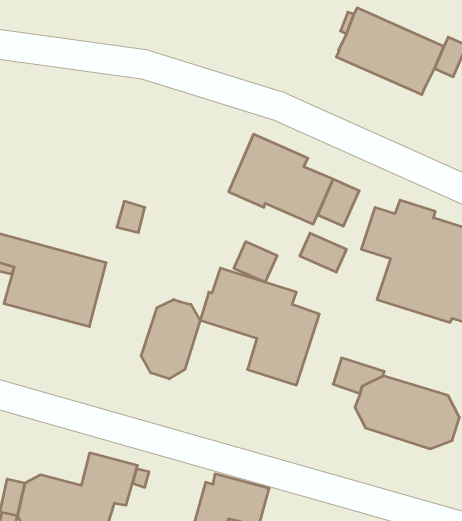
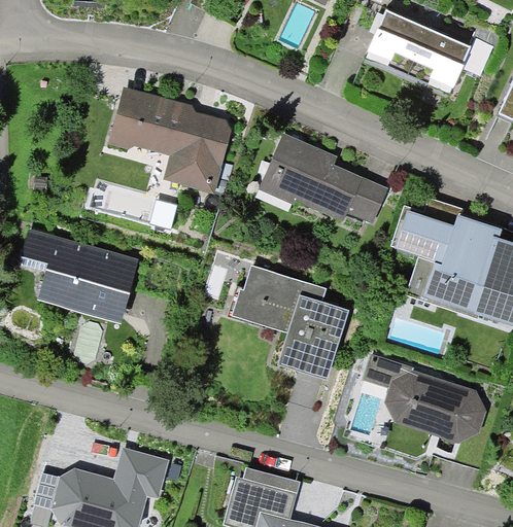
building: none -> [108,86,234,192]
building: [300,233,346,272] -> none
building: [234,242,277,282] -> none
building: [141,299,200,379] -> none

